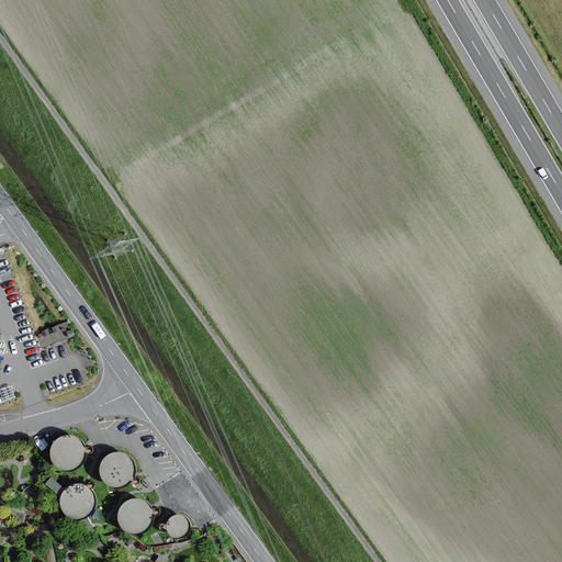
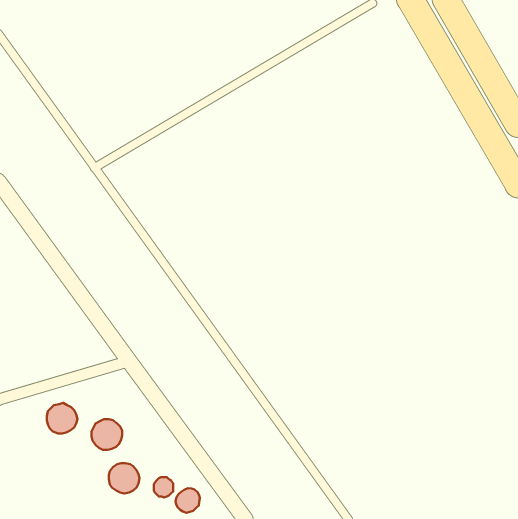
building: [59,484,92,517] -> none
building: none -> [176,488,200,513]

